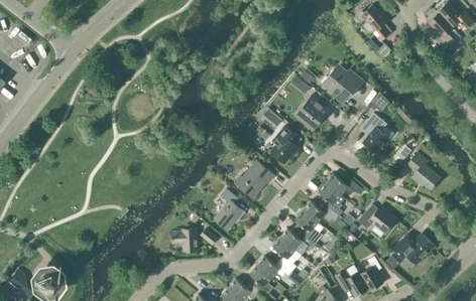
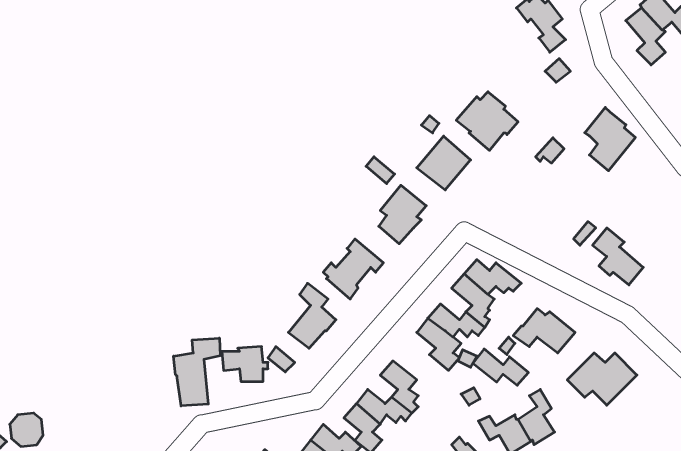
building: [360,113,392,153] -> [585,107,635,171]
building: none -> [174,338,220,406]
building: [280,229,316,252] -> [473,349,528,385]

